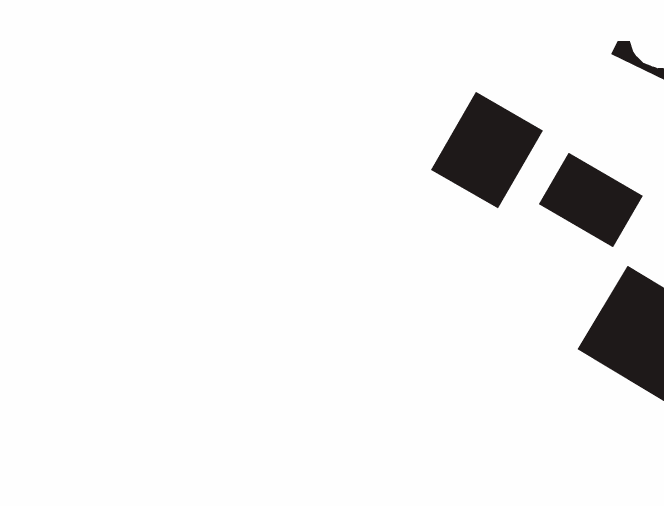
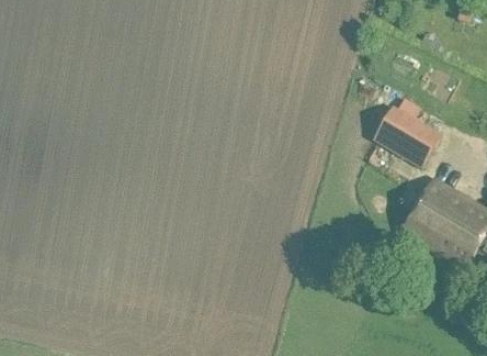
building: [430,91,544,209] -> none

